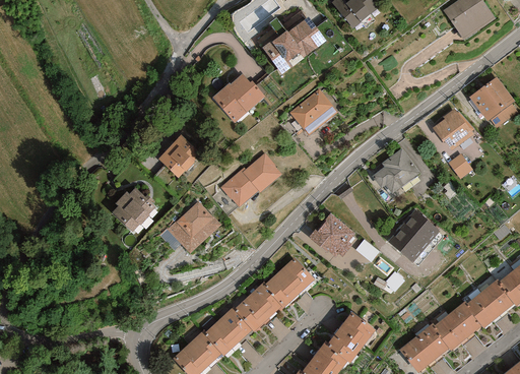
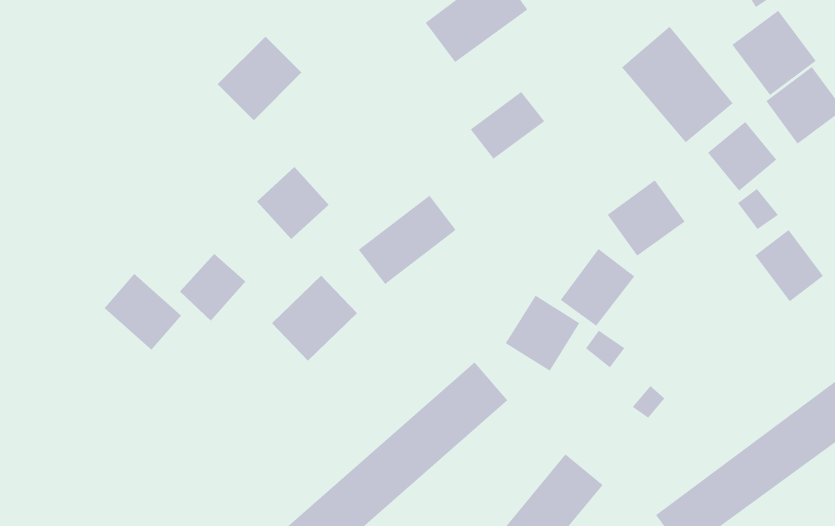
building: none -> [732,10,817,96]
building: none -> [621,26,734,143]
building: [212,71,264,123] -> [217,36,302,121]
building: none -> [755,229,824,302]
building: none -> [104,273,182,351]
building: [393,214,439,262] -> [560,248,635,327]

